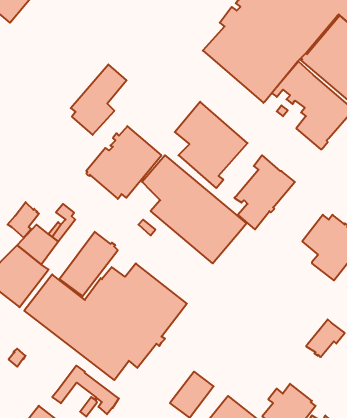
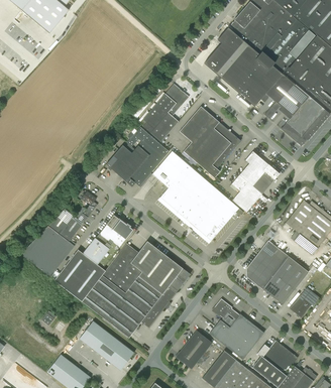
building: [71,64,127,135] -> [142,83,189,141]
building: [8,202,39,238] -> none
building: none -> [246,240,309,303]
building: none -> [209,298,263,361]

